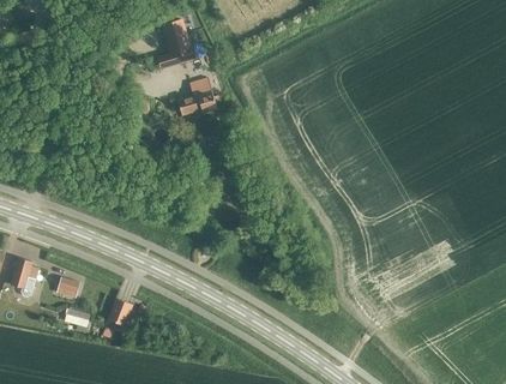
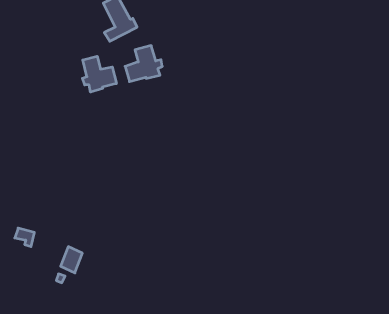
building: none -> [82,56,116,92]

